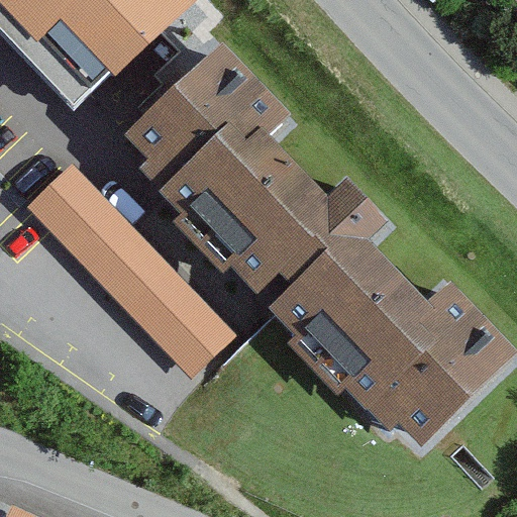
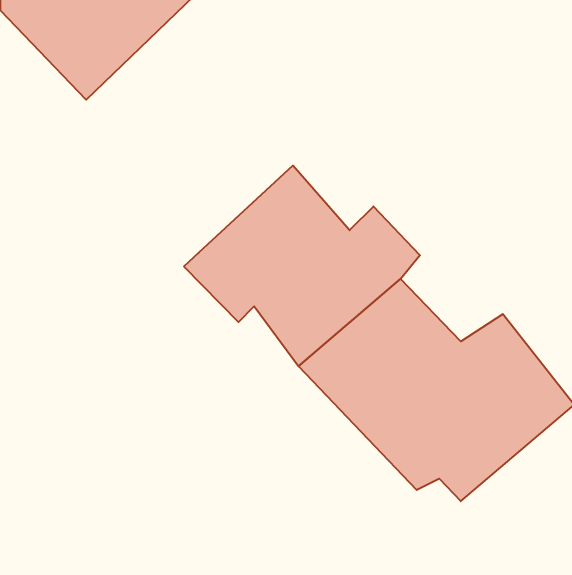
building: [115,58,288,225] -> none
building: [40,166,235,367] -> none

